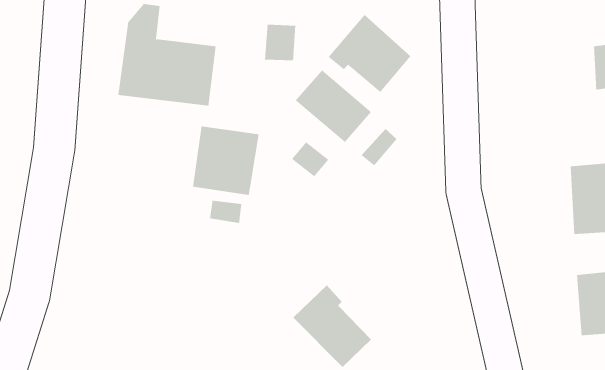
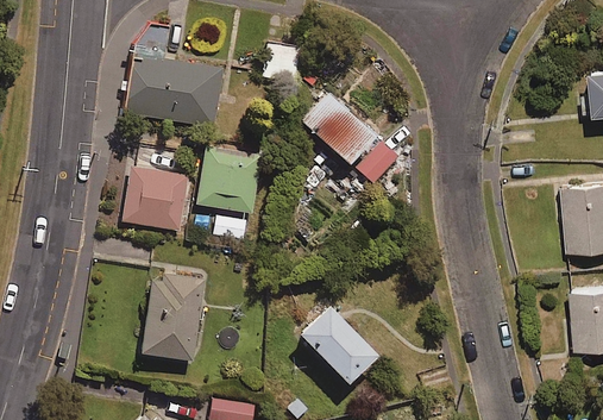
building: [328,14,411,93] -> none
building: none -> [121,148,193,232]
building: none -> [142,274,203,361]

